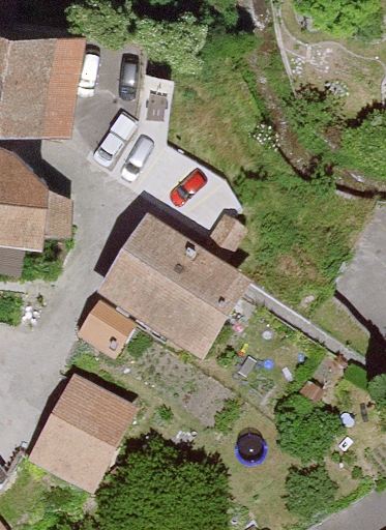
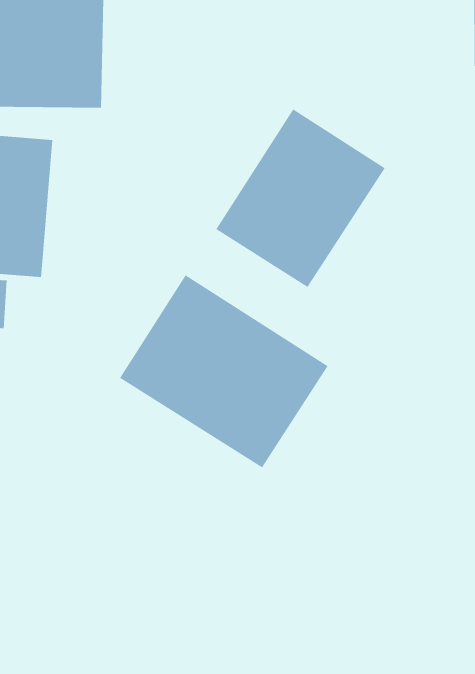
building: none -> [216,109,386,288]
building: [34,378,136,485] -> none

